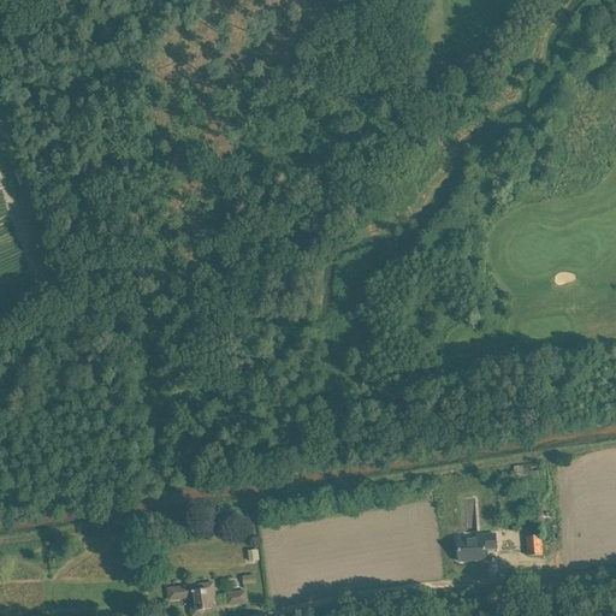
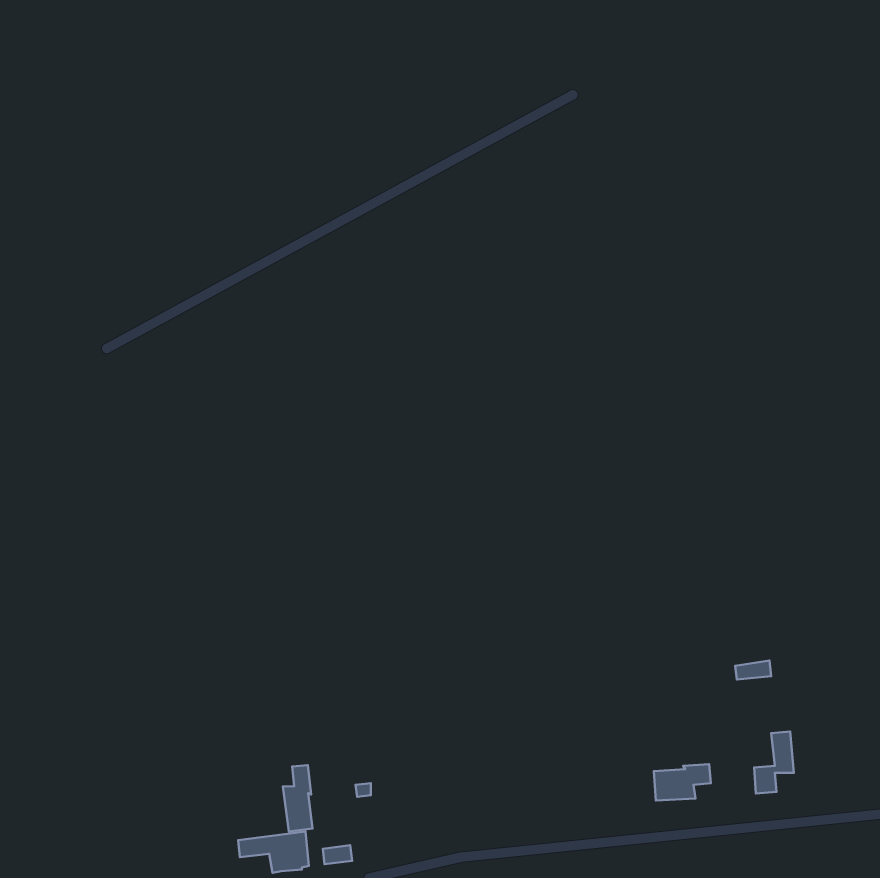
building: none -> [283,765,313,832]

